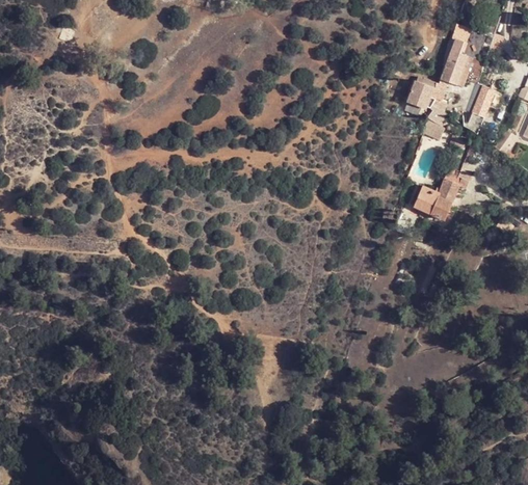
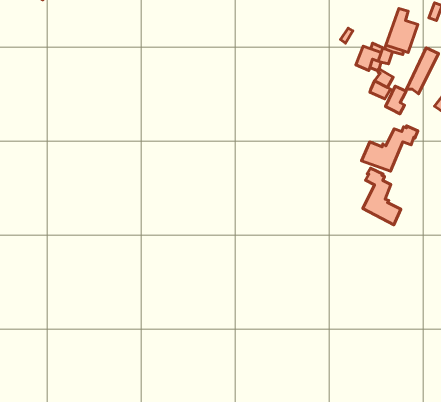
building: none -> [386,86,406,114]
building: none -> [363,168,401,225]

